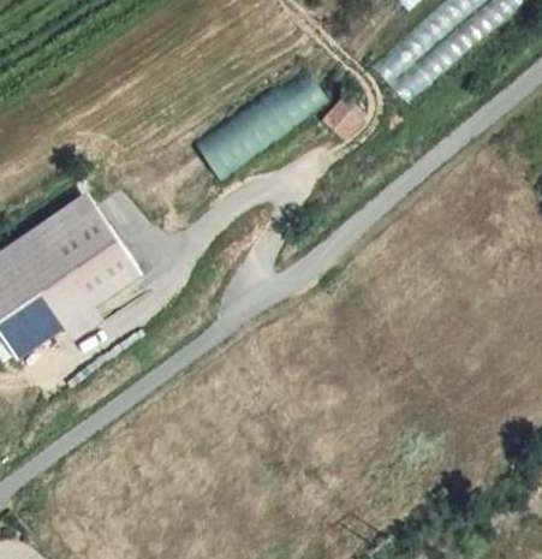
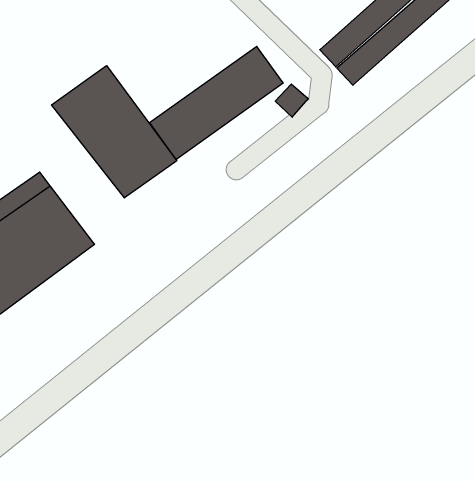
building: none -> [52,66,177,198]

